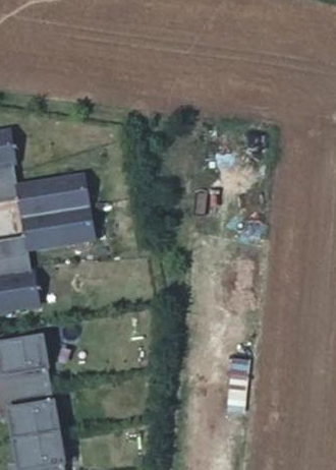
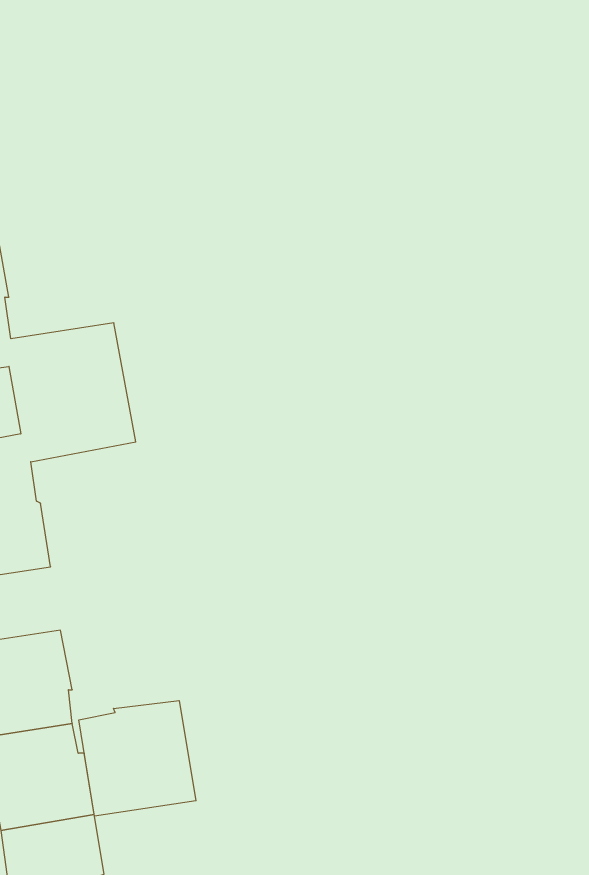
building: none -> [79,701,196,816]

